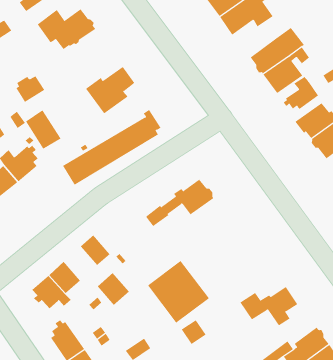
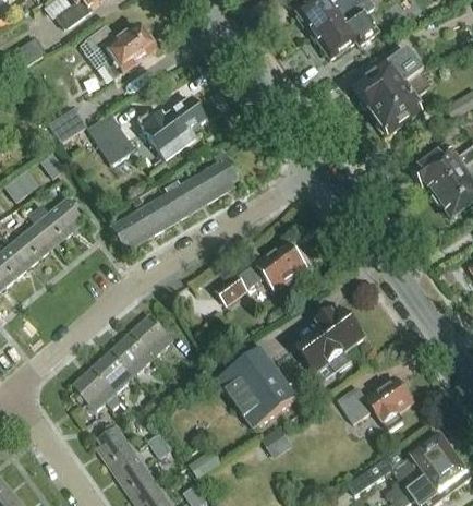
building: [283,76,319,110] -> none
building: [25,110,62,149] -> [89,115,136,166]
building: none -> [295,310,363,372]
building: [97,272,130,306] -> [112,329,155,373]

